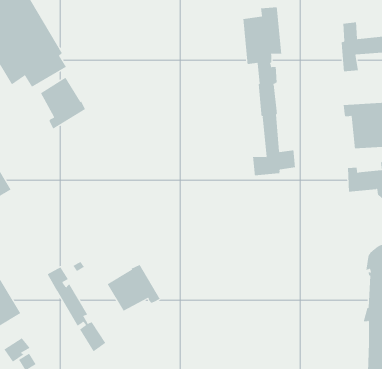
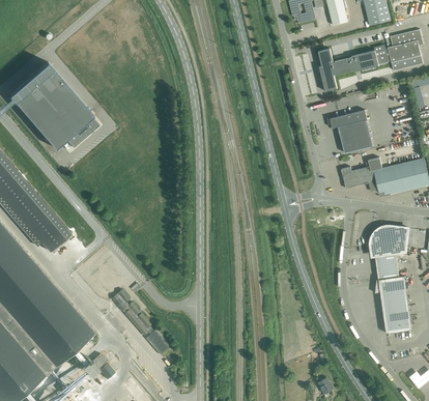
building: [243,6,295,176] -> none
building: [40,77,86,129] -> none
building: [107,264,160,311] -> none

